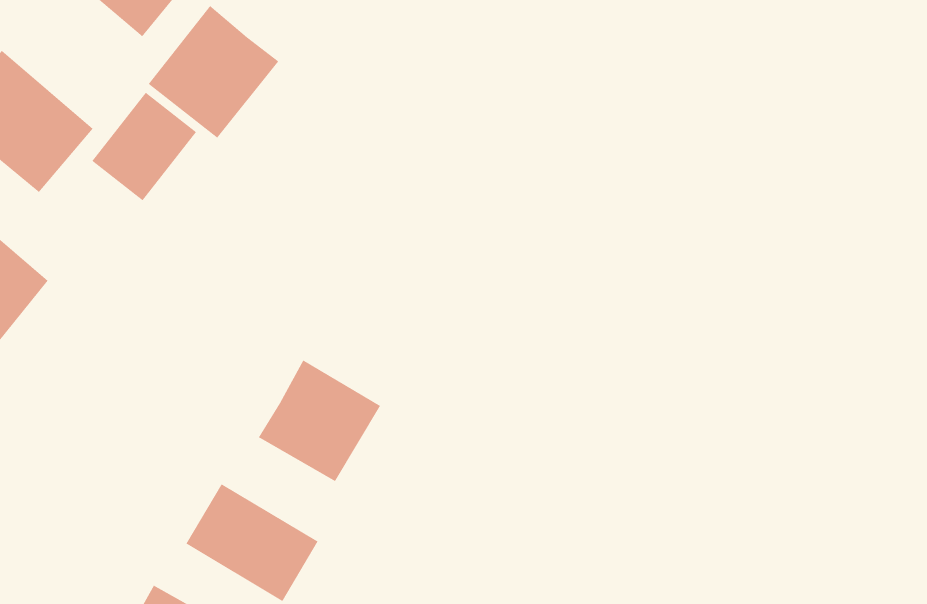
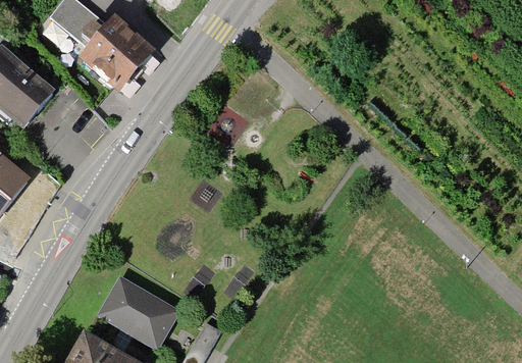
building: [92,92,197,201] -> none
building: [258,359,381,482] -> none

